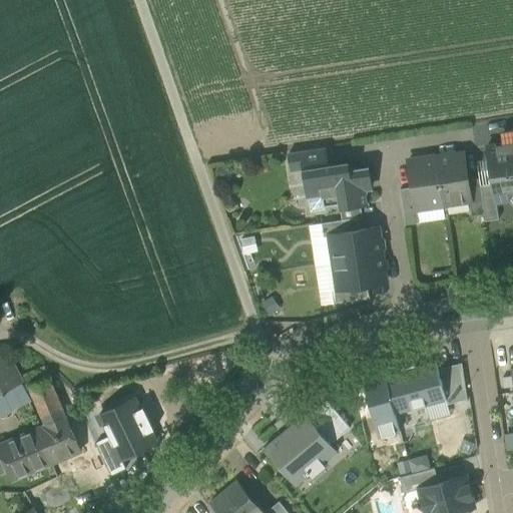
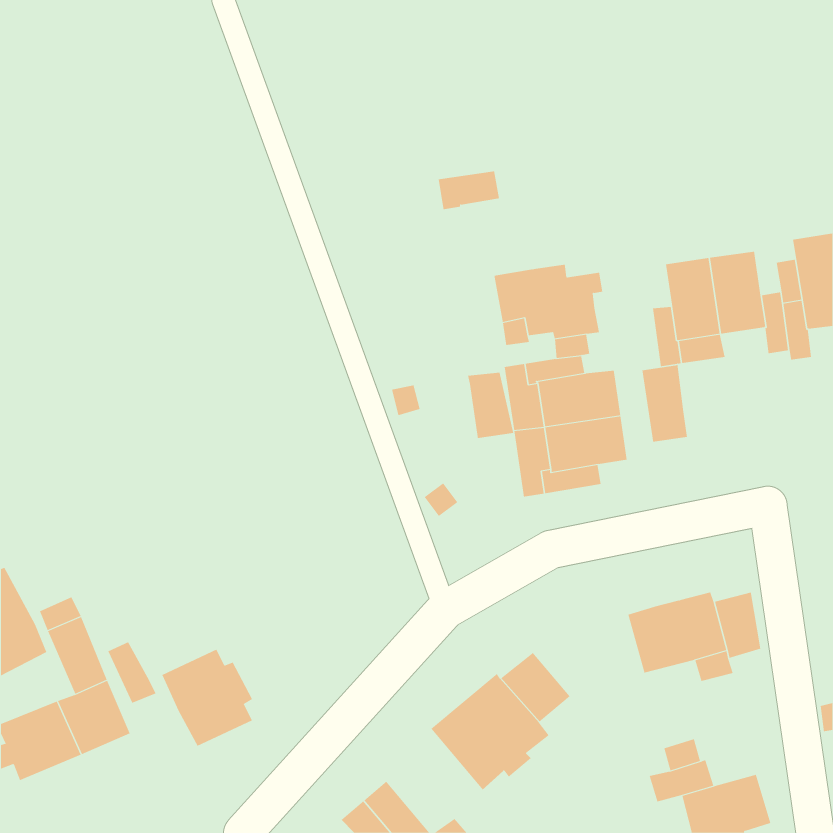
building: [290,148,328,172] -> [438,171,500,210]
building: none -> [642,364,687,443]
building: none -> [468,372,514,439]
building: [364,378,400,438] -> none
building: [96,437,126,475] -> [107,641,156,703]

